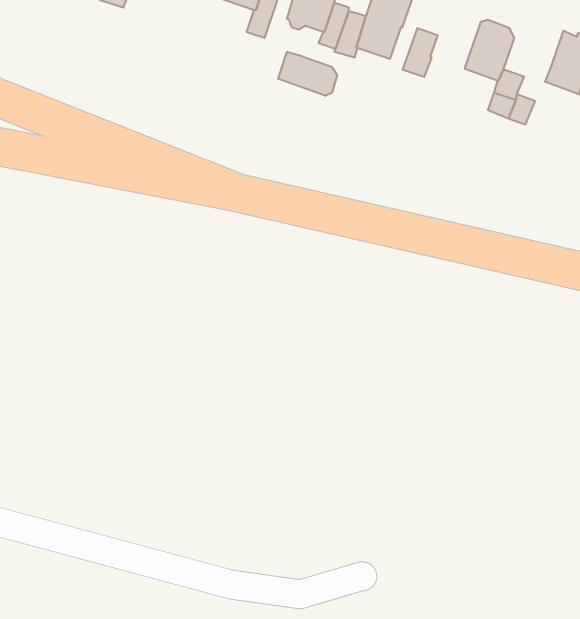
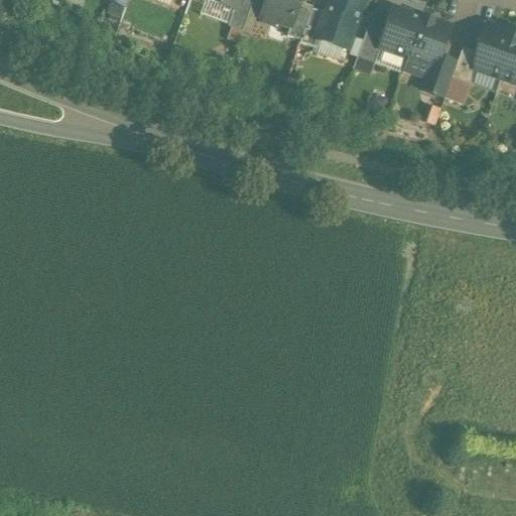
building: none -> [379,9,420,57]
building: [278,52,337,96] -> none
building: none -> [450,49,479,86]

